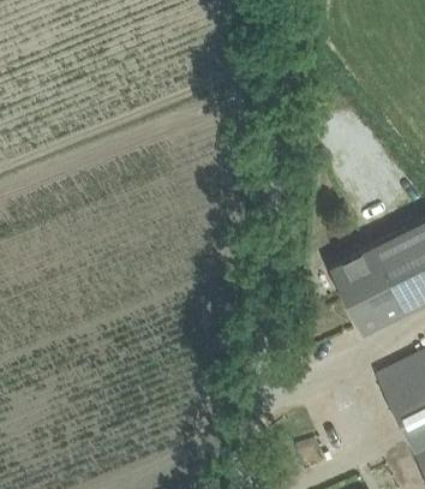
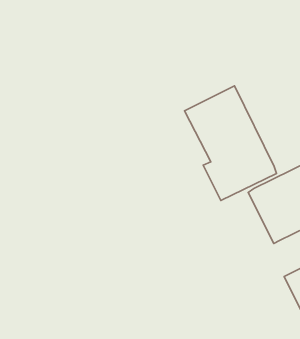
building: none -> [184,86,277,201]

